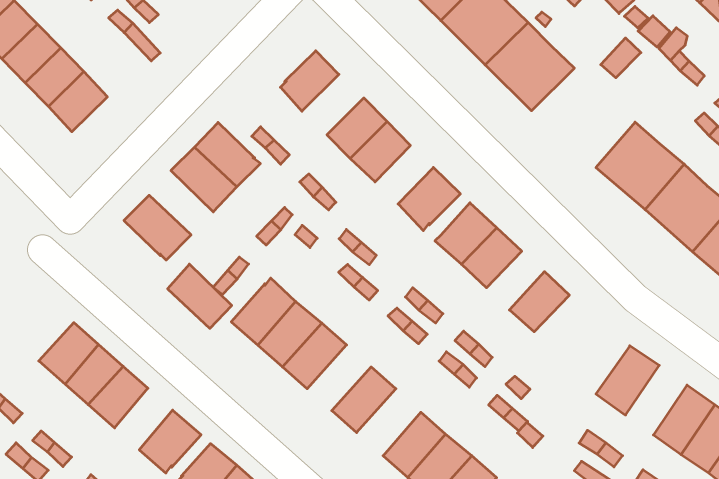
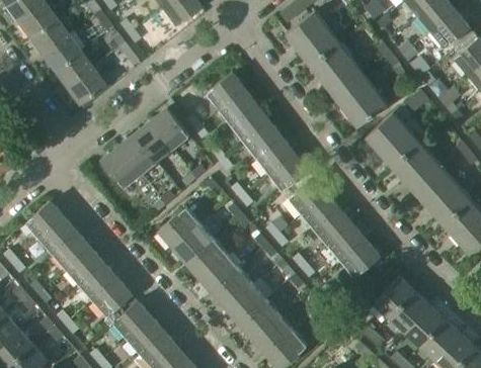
building: none -> [219,89,257,124]
building: none -> [366,112,419,166]
building: none -> [257,137,294,172]
building: none -> [316,210,352,245]
building: [168,264,232,328] -> [119,133,157,174]
building: none -> [341,241,379,276]
building: none -> [26,201,64,238]
building: none -> [199,253,240,291]
building: none -> [390,290,429,332]
building: none -> [80,263,116,299]
building: none -> [226,283,266,323]

